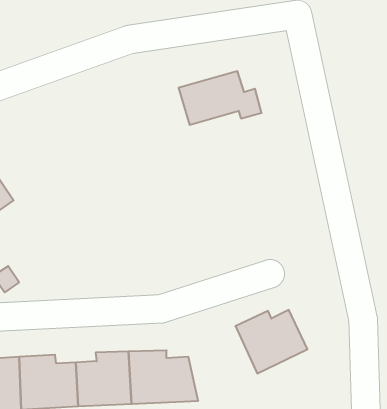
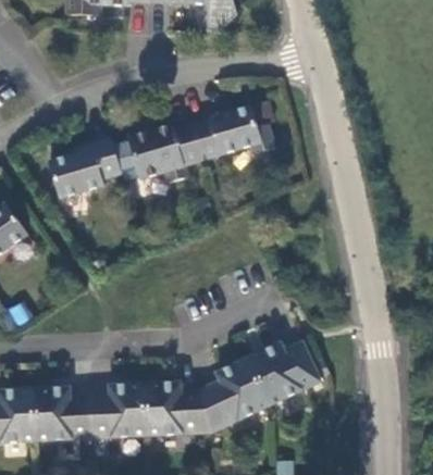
building: none -> [126,123,201,183]
building: none -> [47,136,120,199]
building: none -> [200,360,269,434]

